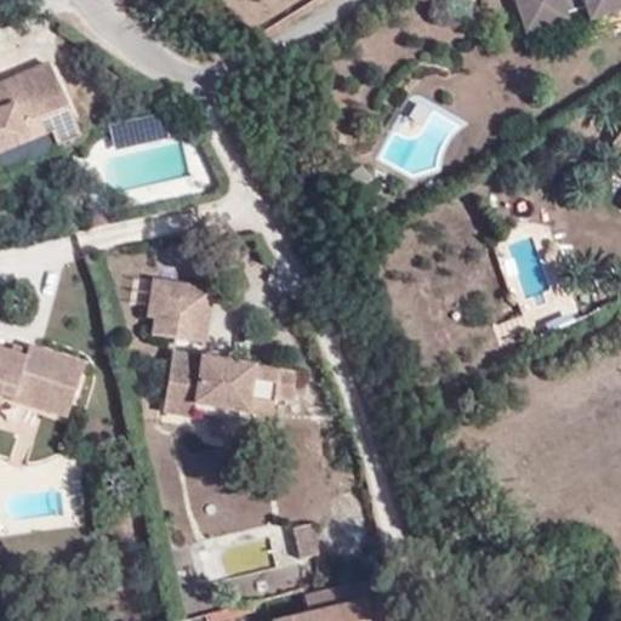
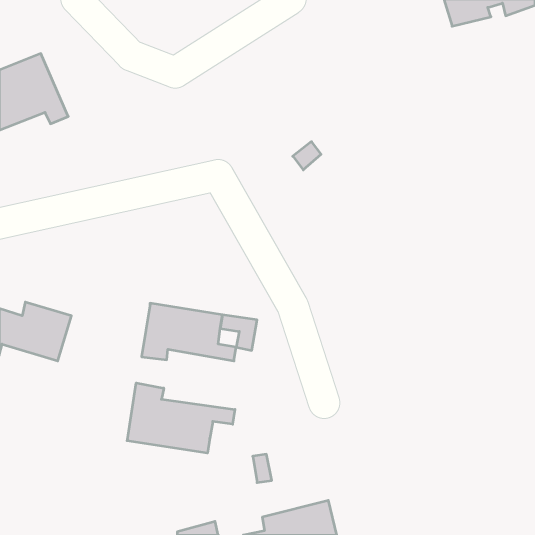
building: [147,278,215,342] -> none
building: none -> [127,383,235,453]

